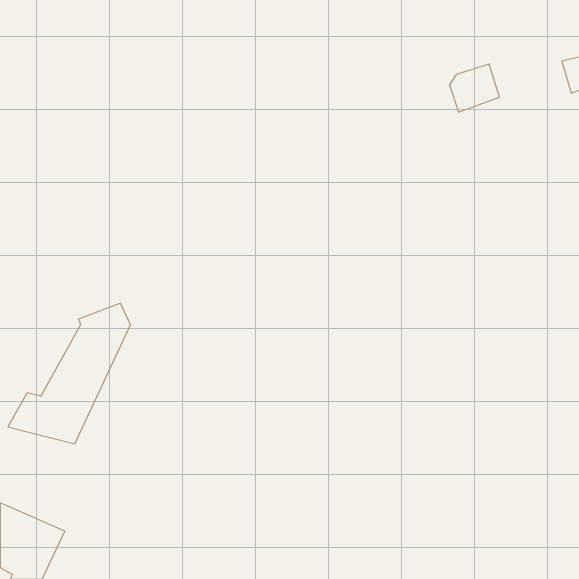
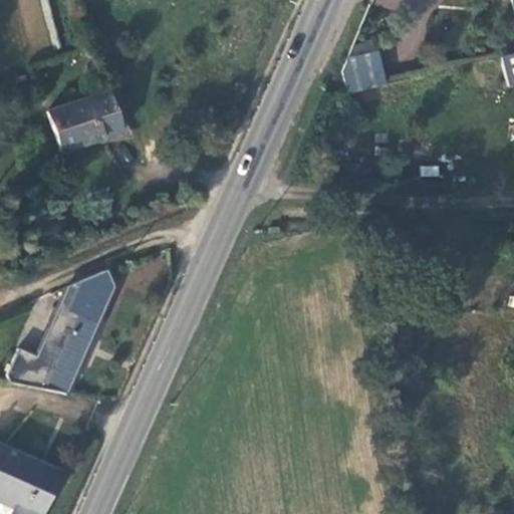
building: [449,64,499,112] -> [342,50,387,92]
building: none -> [47,91,123,151]

